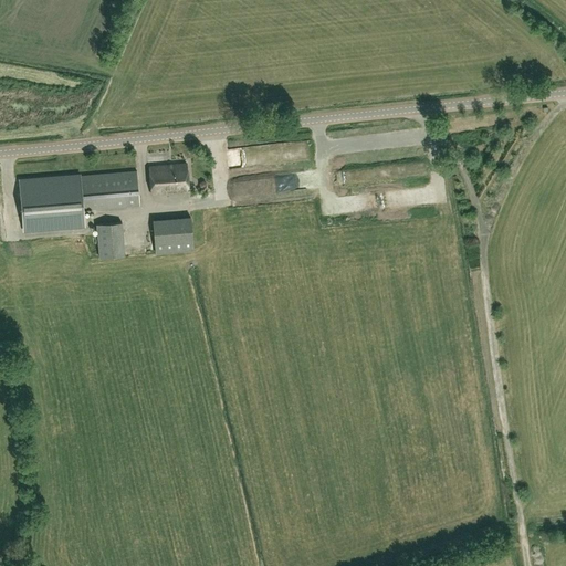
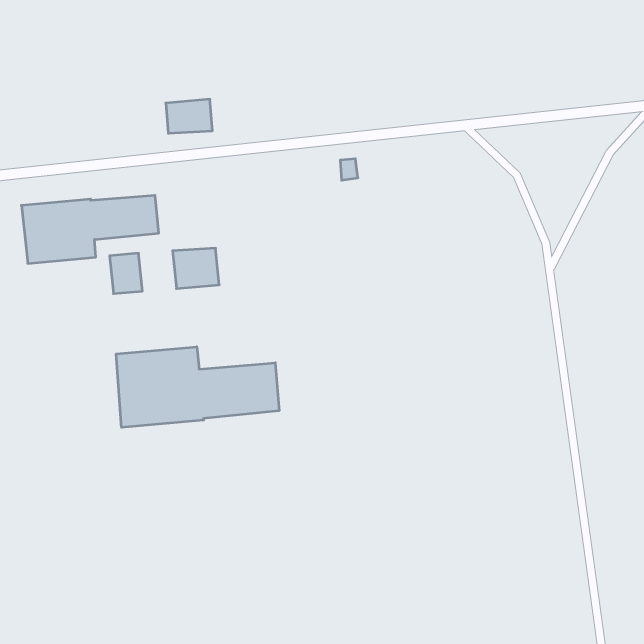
building: [148,164,189,193] -> [166,99,212,133]
building: none -> [116,347,279,427]

